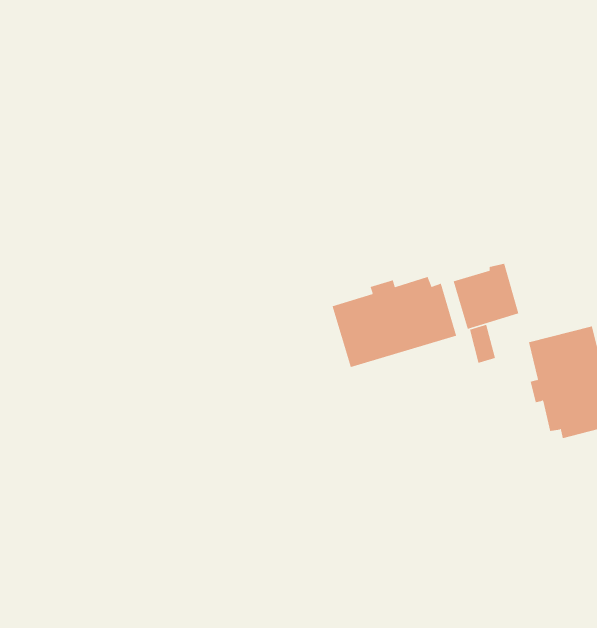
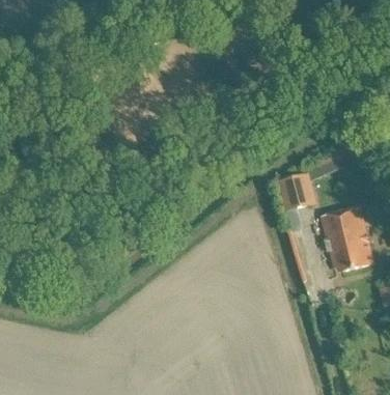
building: [332,276,457,368] -> none

